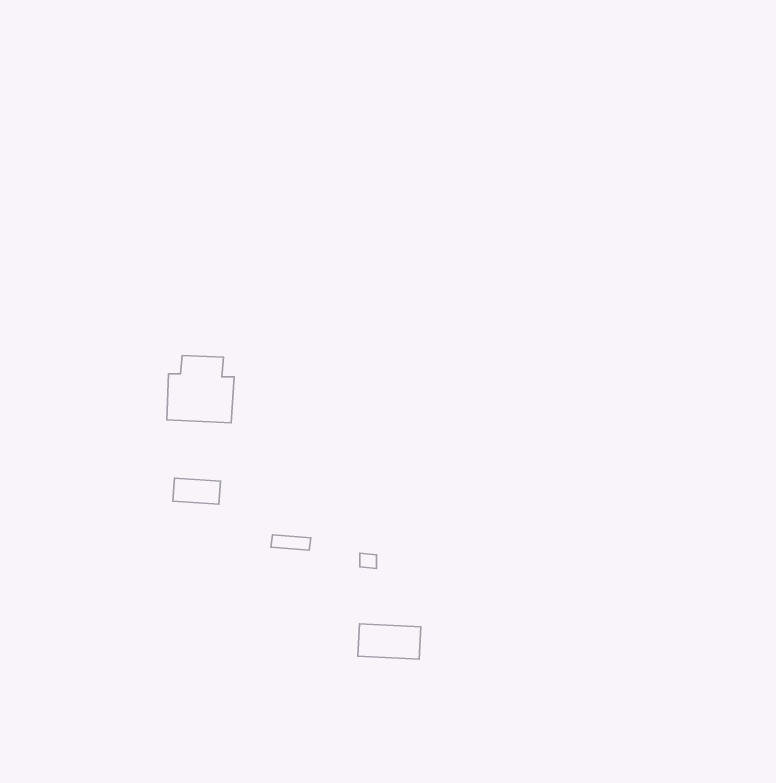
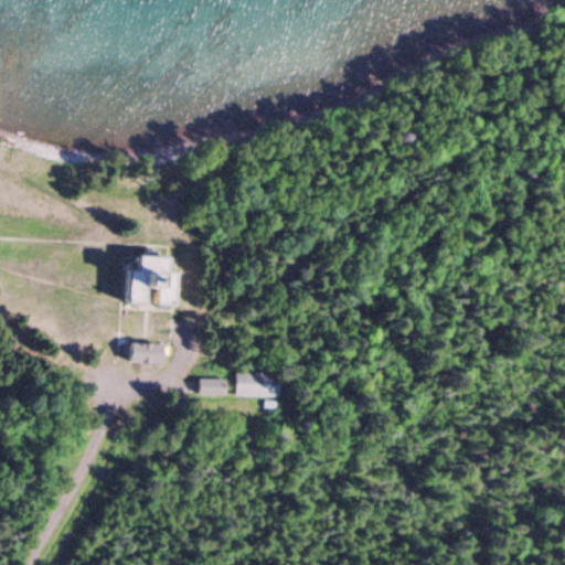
building: [358,624,421,659] -> [235,372,280,397]

